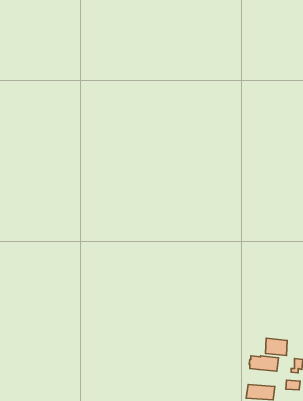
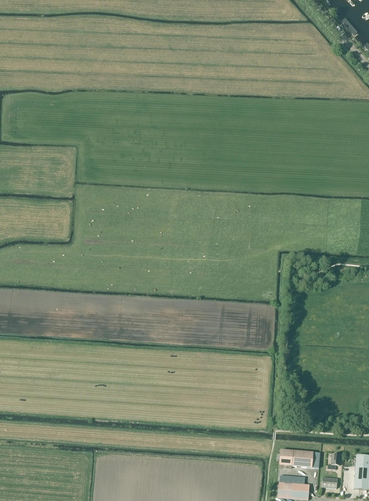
building: [265,338,287,355] -> none

